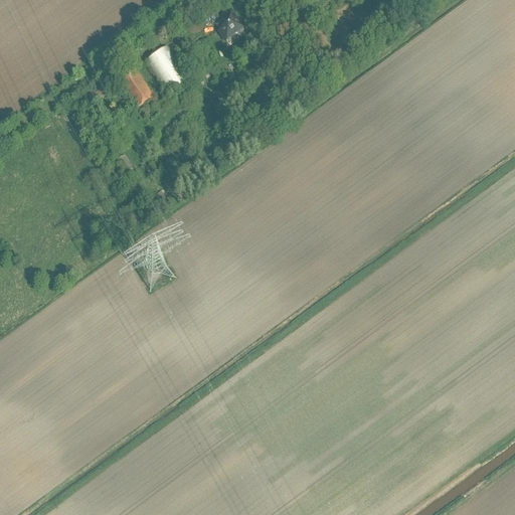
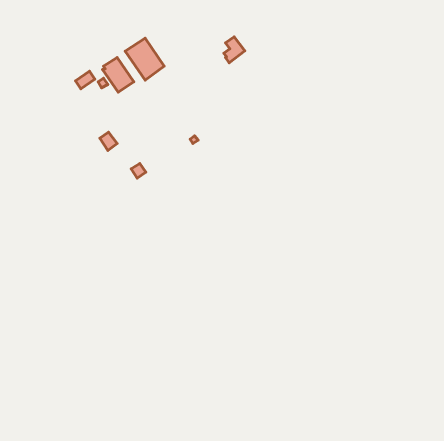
building: [219,9,243,39] -> [224,37,245,63]

